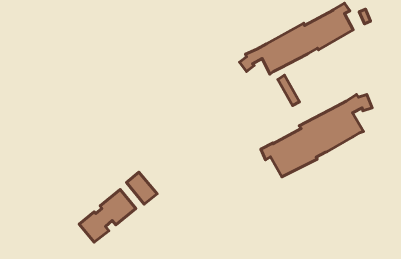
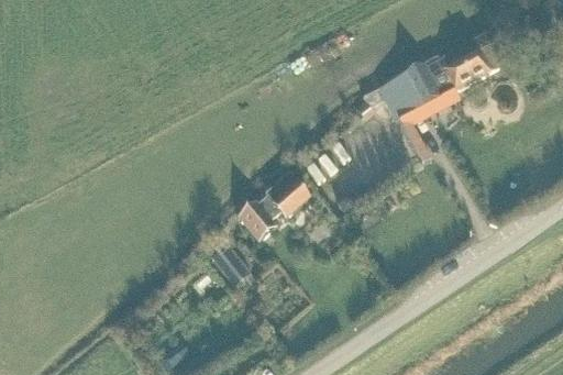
building: [261,94,372,177] -> none
building: [79,189,136,242] -> [238,172,309,239]

